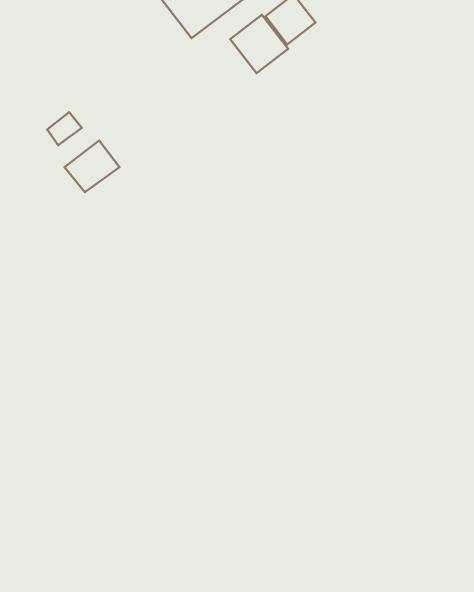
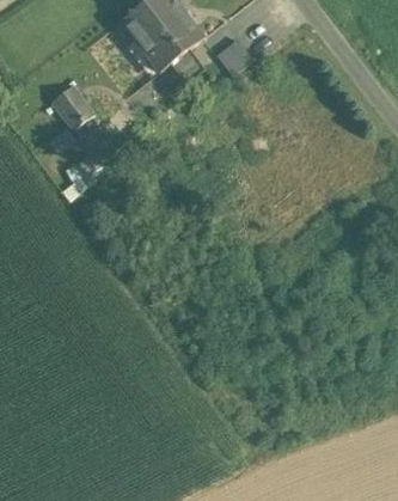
building: [230,15,288,73] -> none
building: none -> [50,85,93,130]

